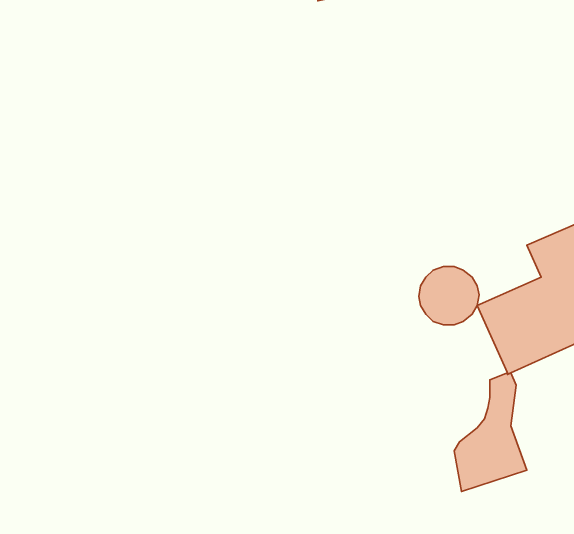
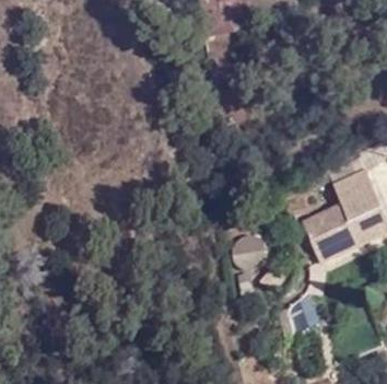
building: [419,266,479,325] -> [231,234,268,270]

